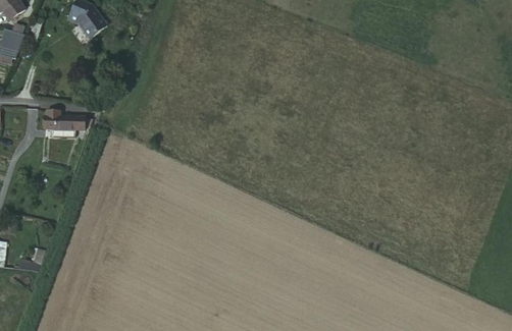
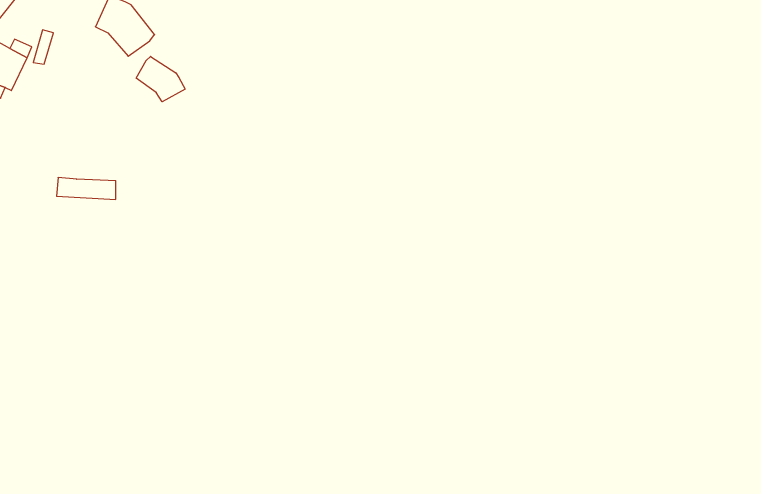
building: none -> [136,56,185,102]

